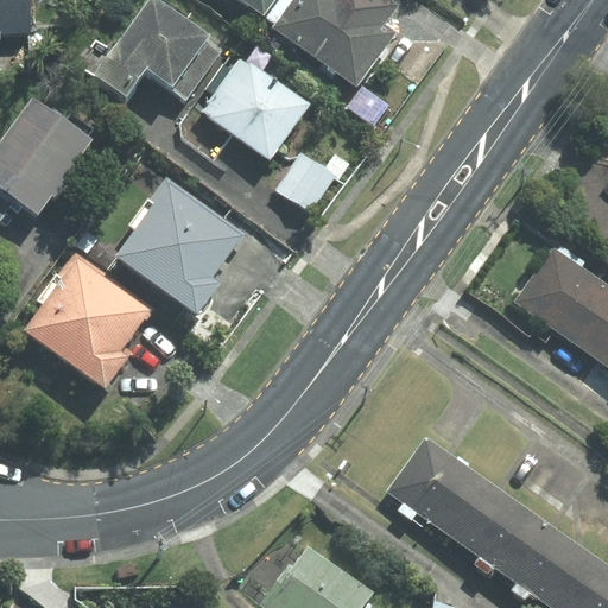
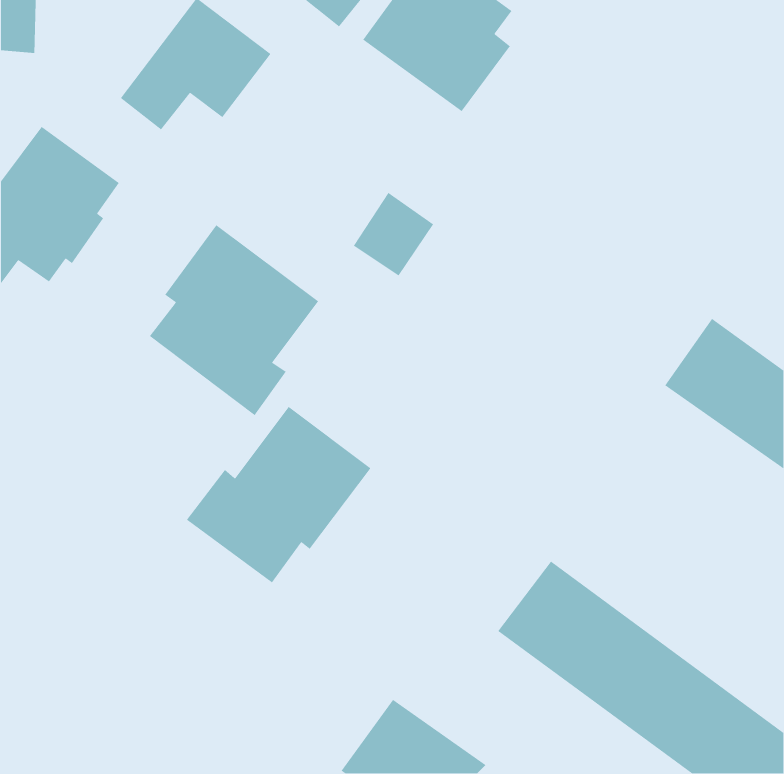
building: [182,53,314,163] -> none
building: [25,247,154,395] -> none
building: none -> [186,406,372,584]

